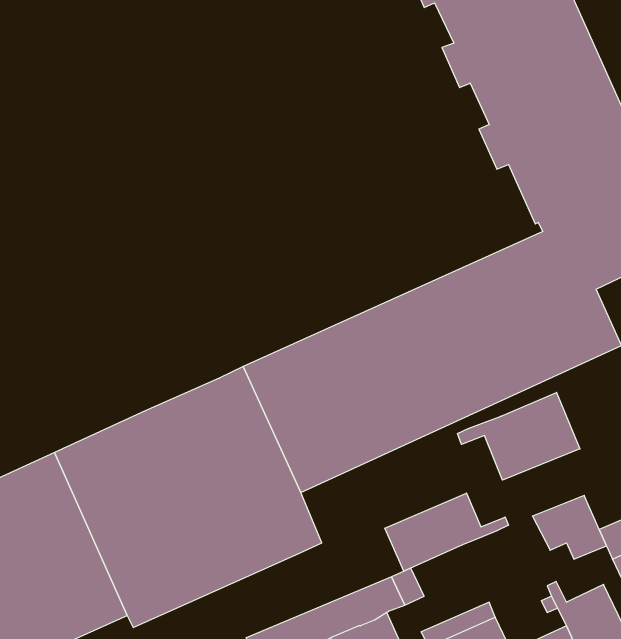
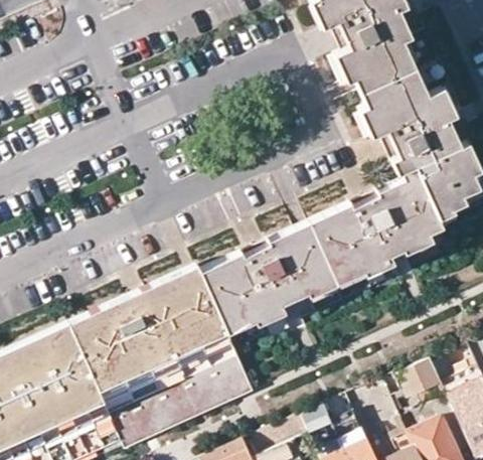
building: [457,392,580,480] -> none
building: [385,493,508,571] -> none

